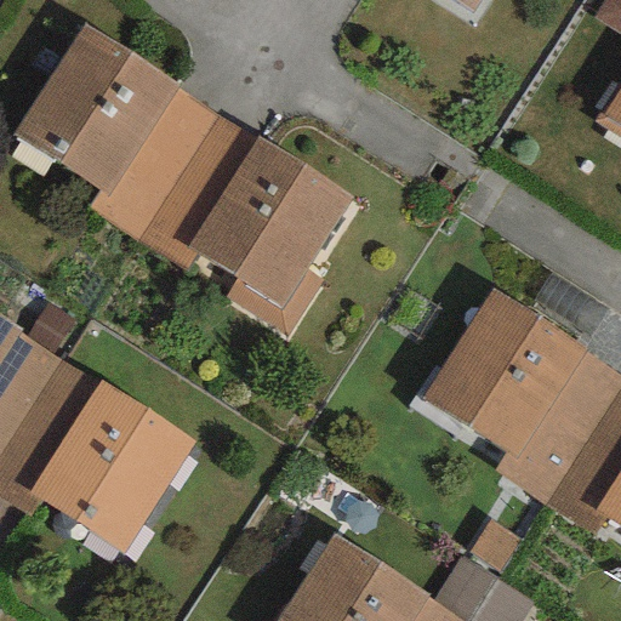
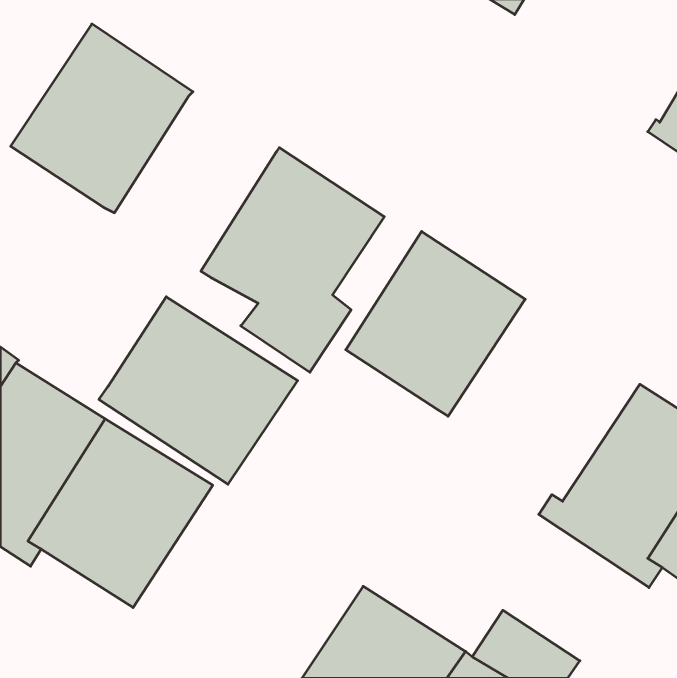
building: [86,87,255,270] -> none
building: none -> [99,297,298,484]
building: [422,289,586,457] -> [346,231,525,416]

